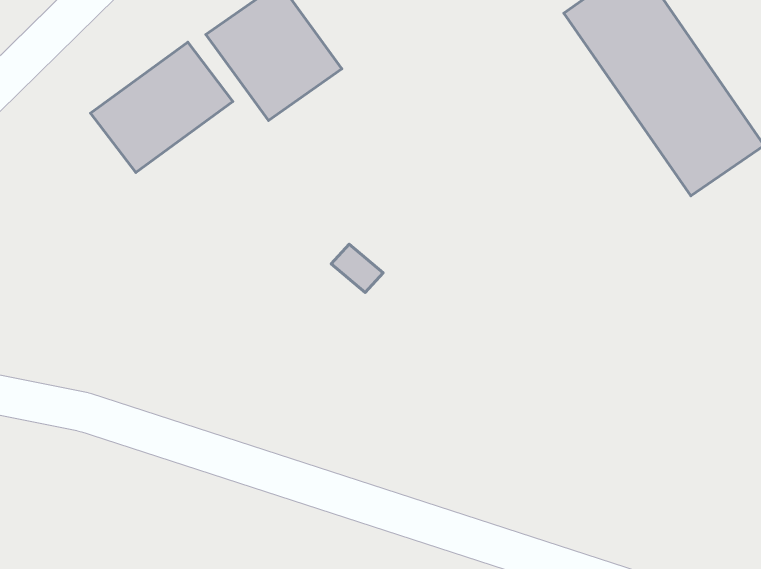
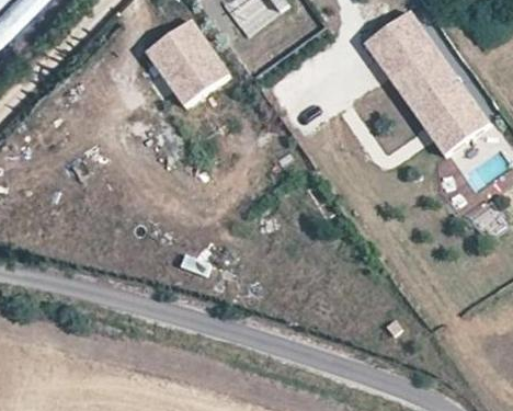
building: [91,42,233,173] -> none

